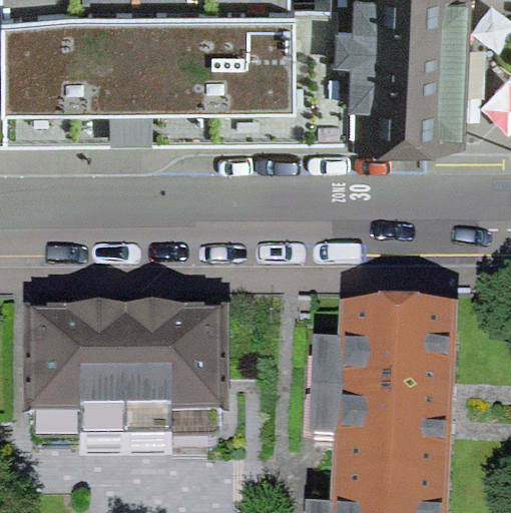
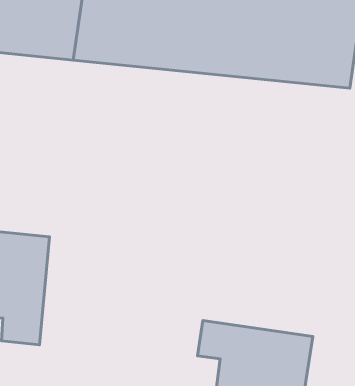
building: [318,314,453,401] -> none
building: [127,315,223,443] -> none

